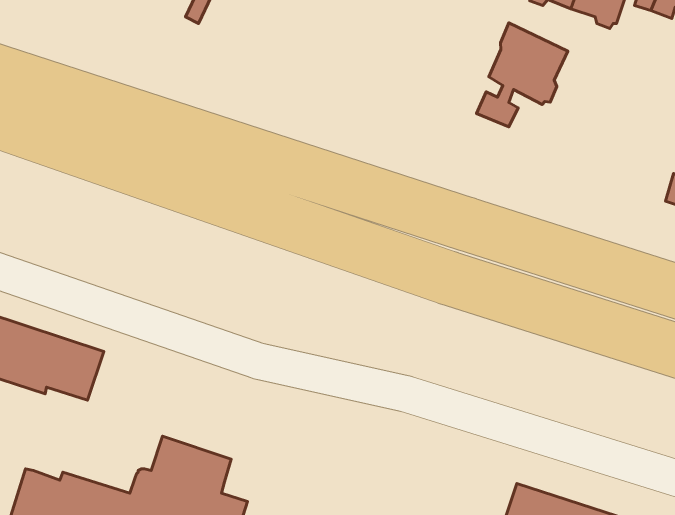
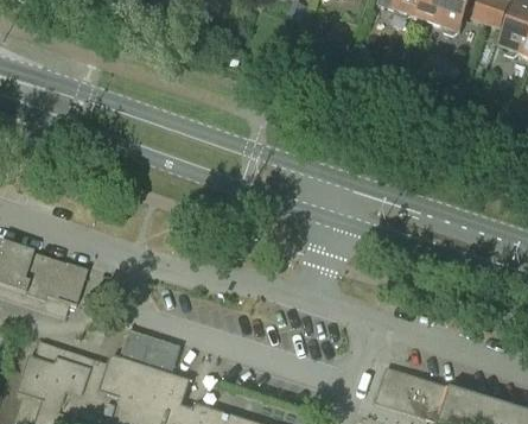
building: [477,23,568,127] -> none

